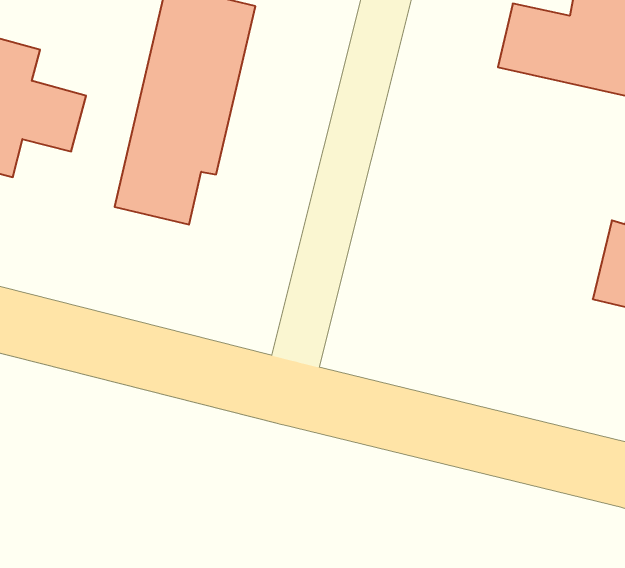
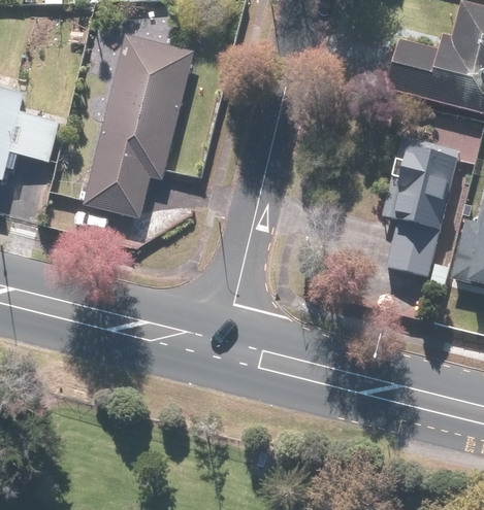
building: none -> [377,141,452,284]

